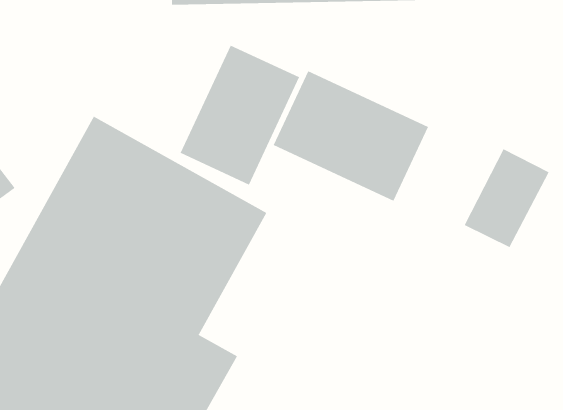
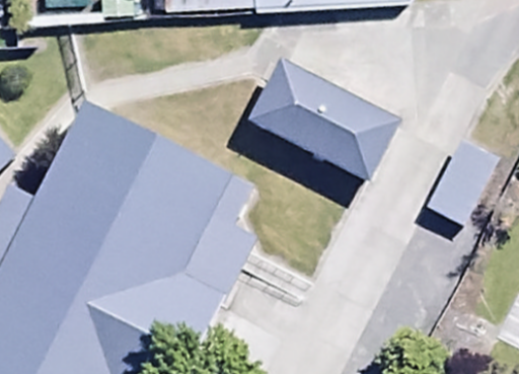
building: [180,45,300,185] -> none

